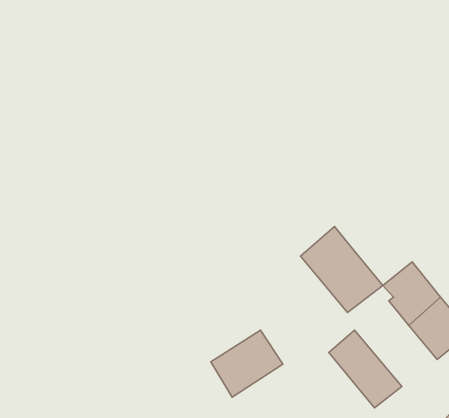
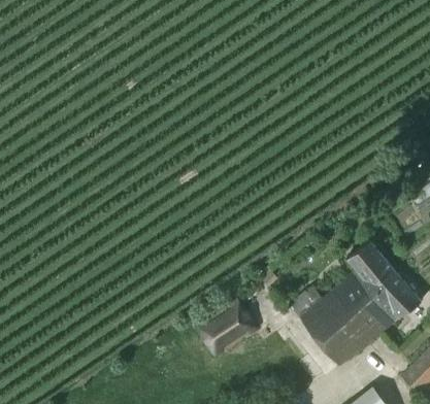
building: [300,227,383,312] -> [321,273,393,348]

